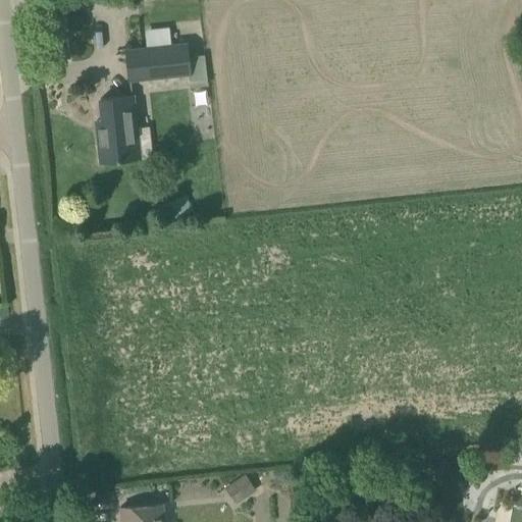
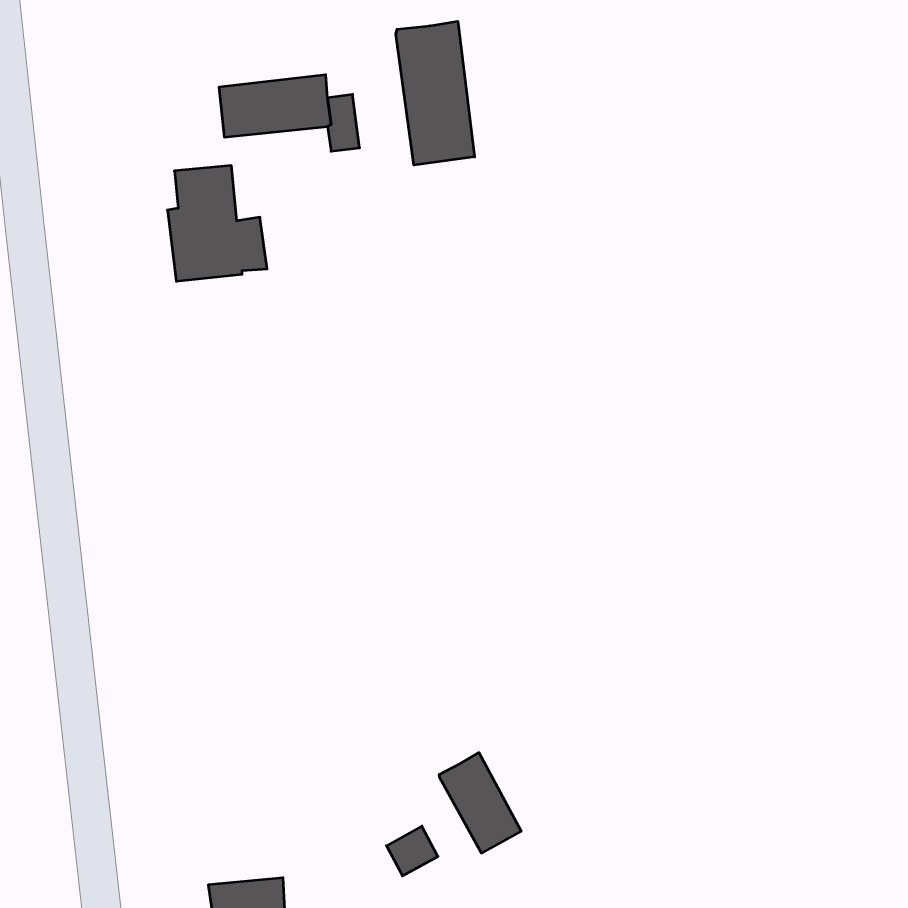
building: none -> [396,21,475,165]
building: none -> [439,753,521,853]

